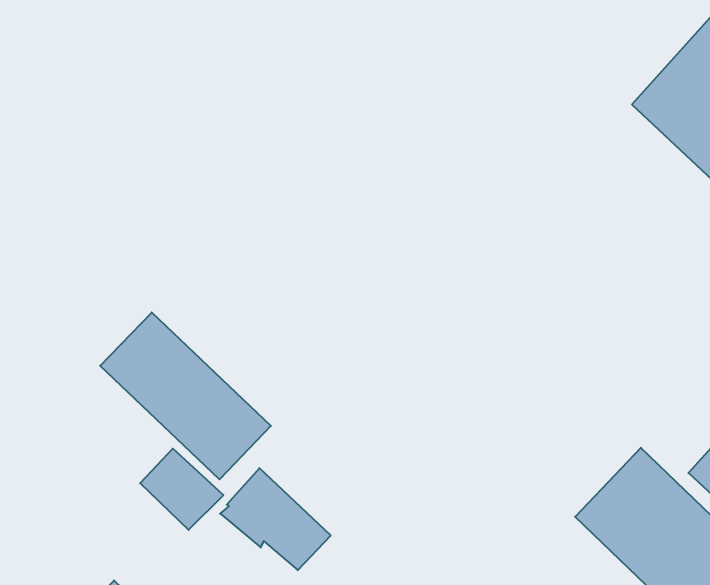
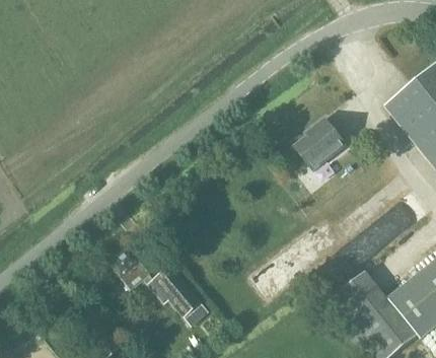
building: none -> [293,116,349,171]
building: [100,312,271,479] -> none

